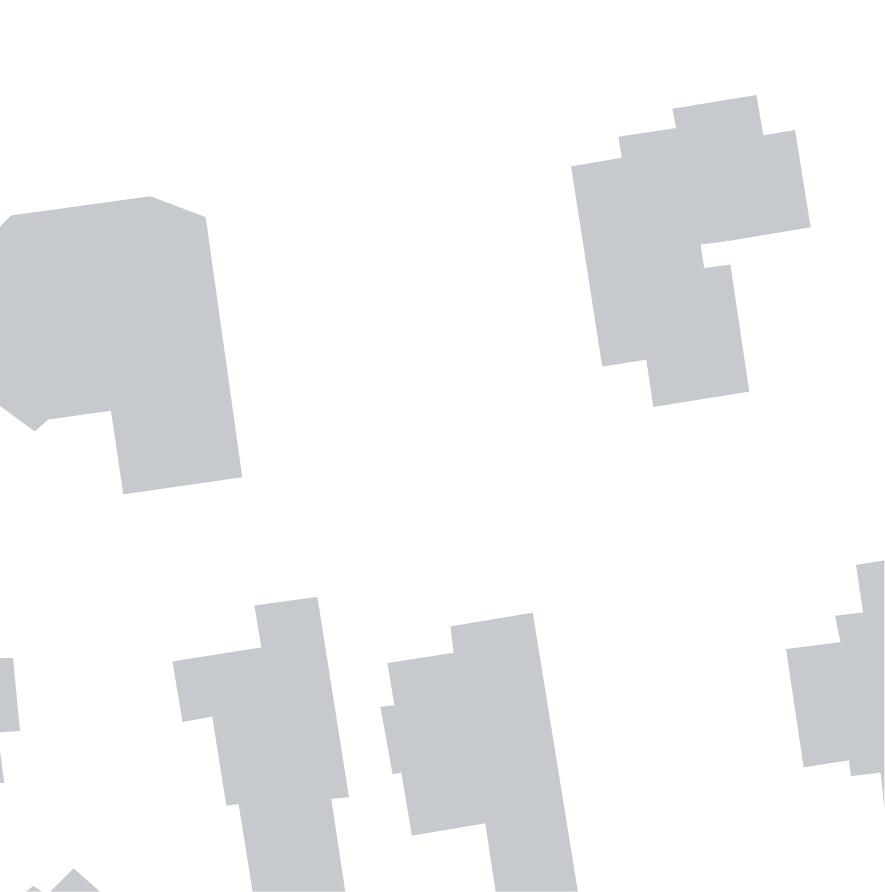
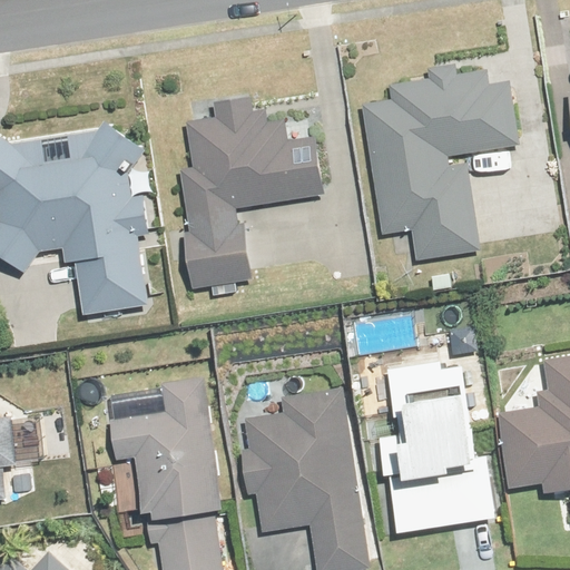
building: none -> [184,99,318,287]
building: none -> [379,361,494,533]

